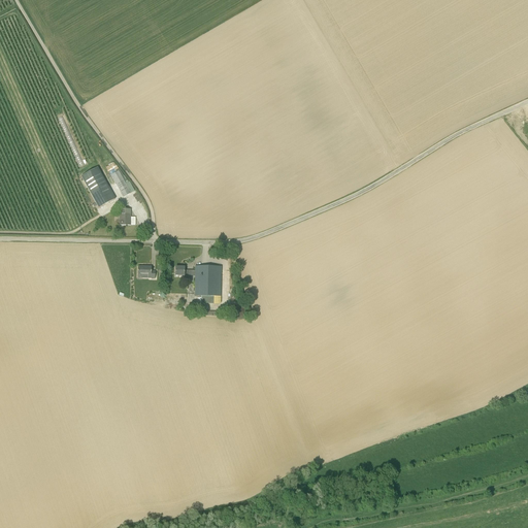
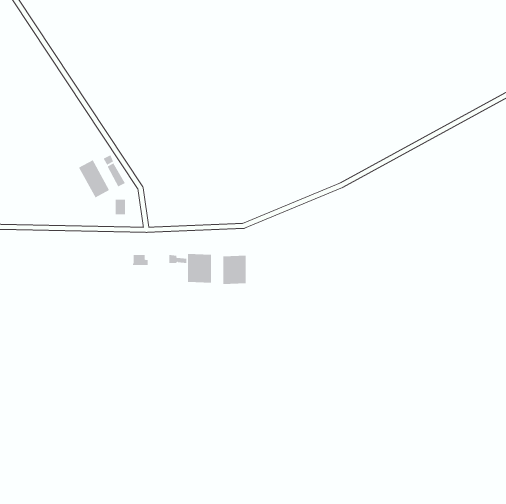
building: none -> [223,255,246,285]

